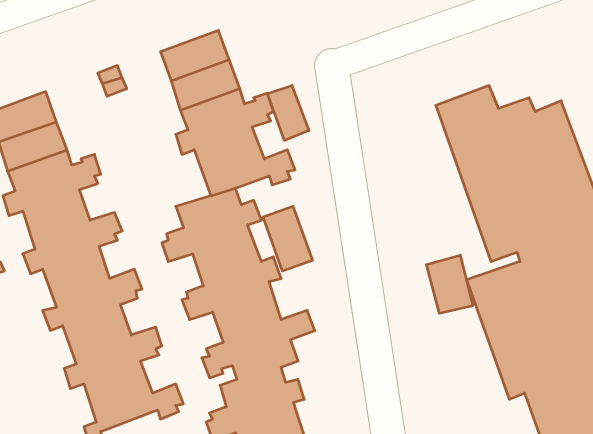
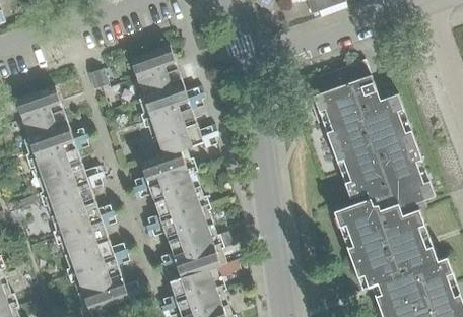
building: [268,85,309,140] -> none
building: [263,206,312,271] -> none
building: [426,255,473,313] -> none

